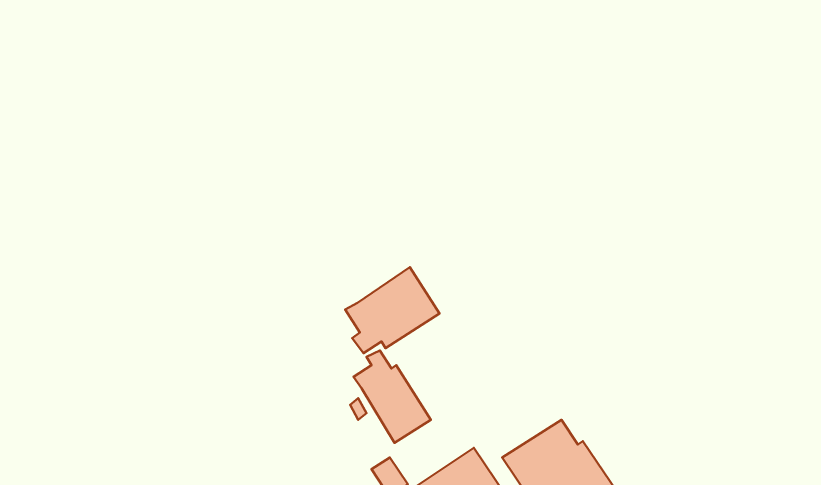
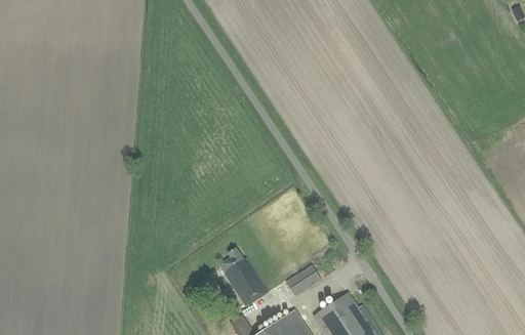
building: [345,267,439,353] -> none
building: none -> [287,266,321,297]

